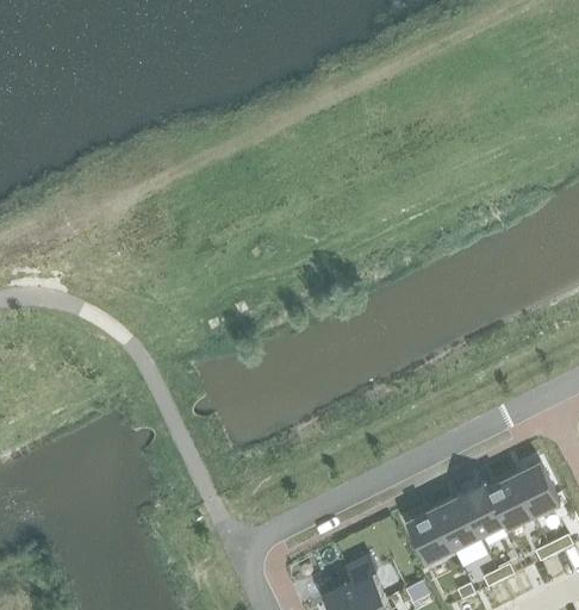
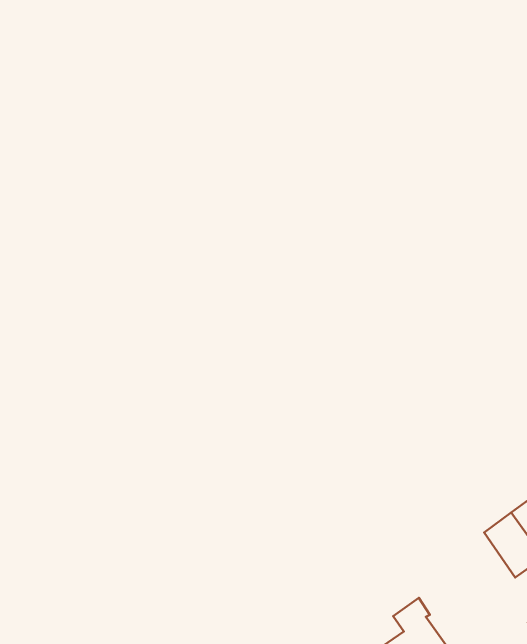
building: [405,510,452,565] -> none

